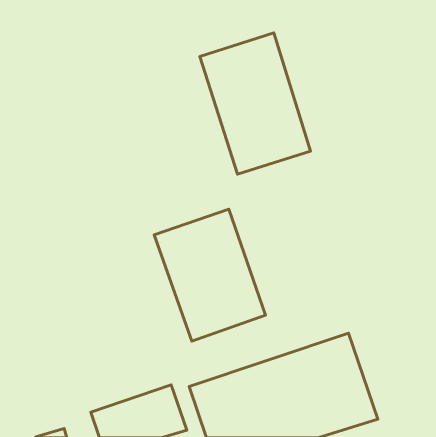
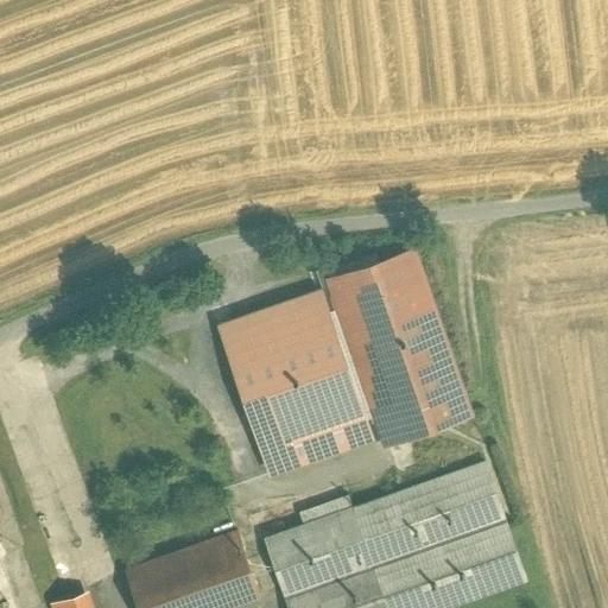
building: [200,33,311,174] -> none
building: none -> [324,251,471,449]

